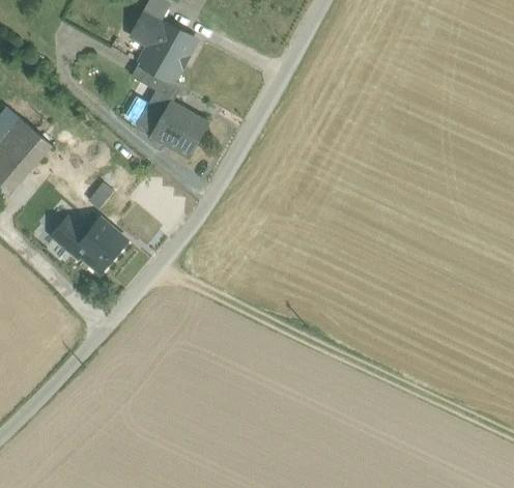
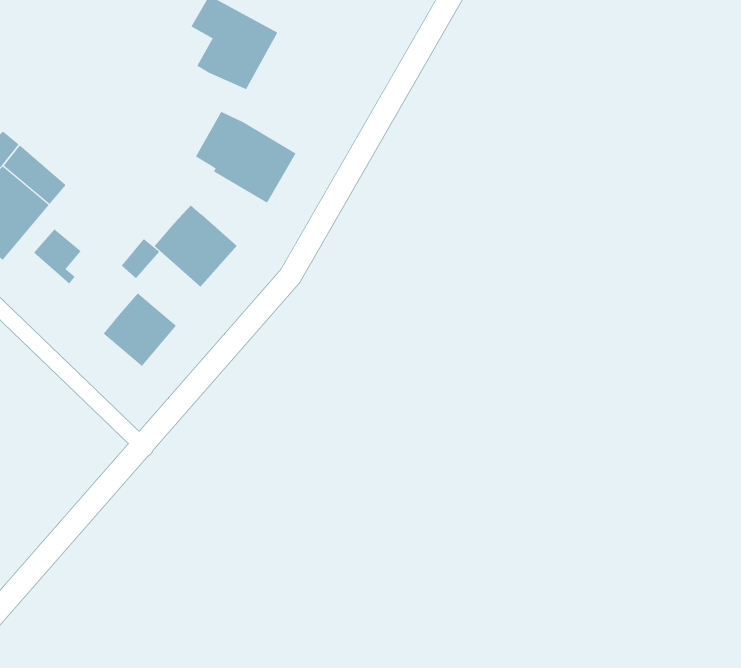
building: [141,67,181,101] -> none
building: none -> [154,204,237,288]
building: [52,218,85,256] -> [33,228,82,284]

